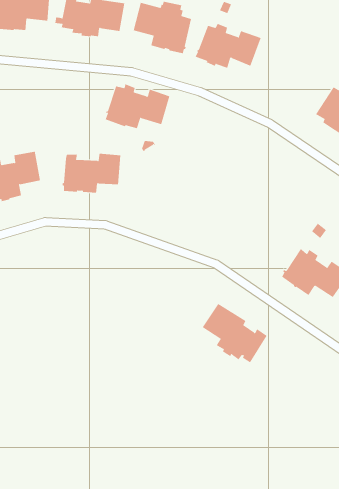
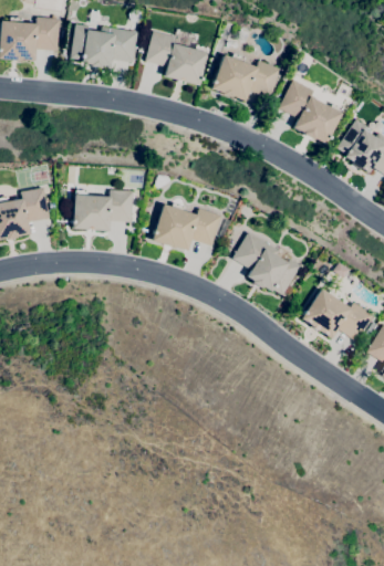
building: none -> [279,78,344,143]
building: [105,84,170,129] -> [153,201,221,249]
building: [202,303,267,363] -> [232,231,301,294]

